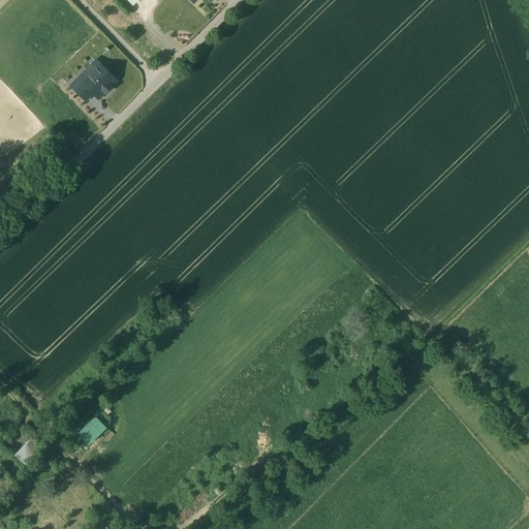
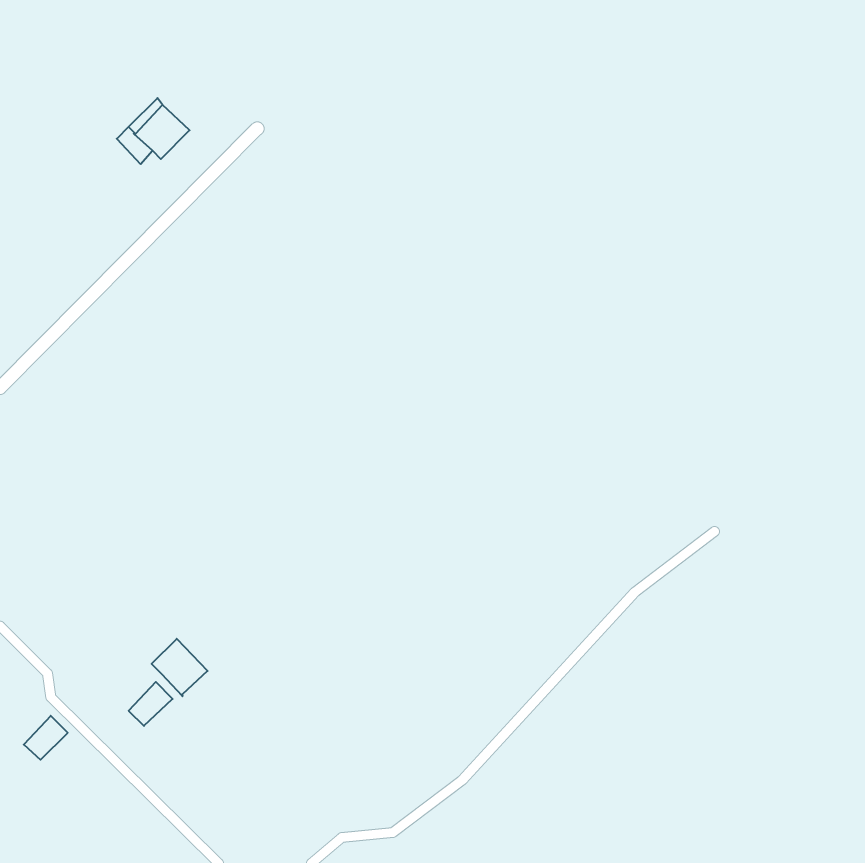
building: none -> [152,639,208,696]

